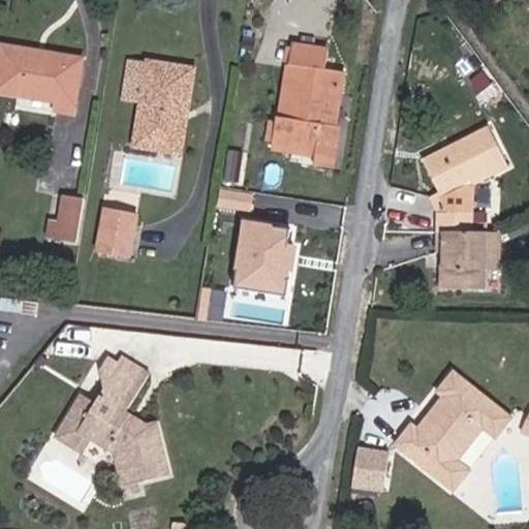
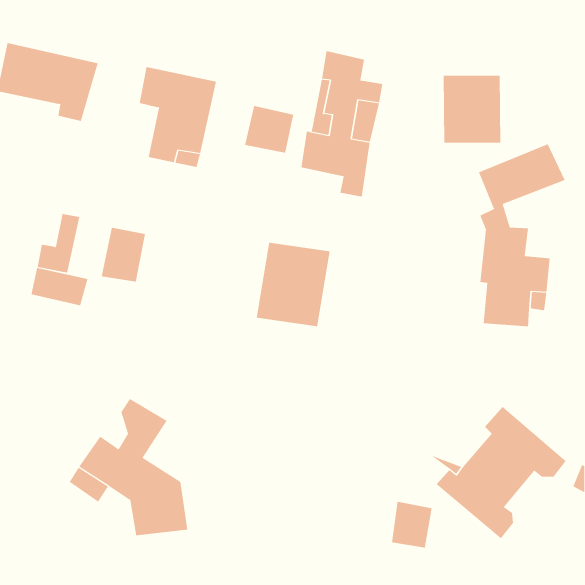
building: none -> [443,75,501,144]
building: none -> [244,105,294,154]
building: none -> [31,267,88,306]

